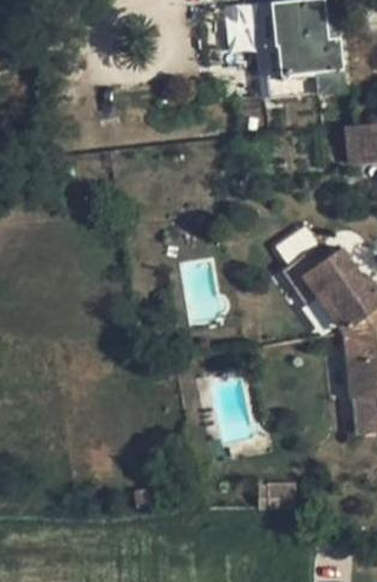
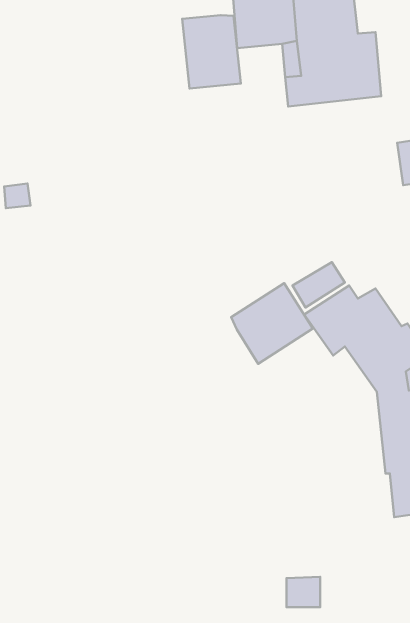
building: none -> [182,15,241,88]
building: none -> [231,283,313,364]

